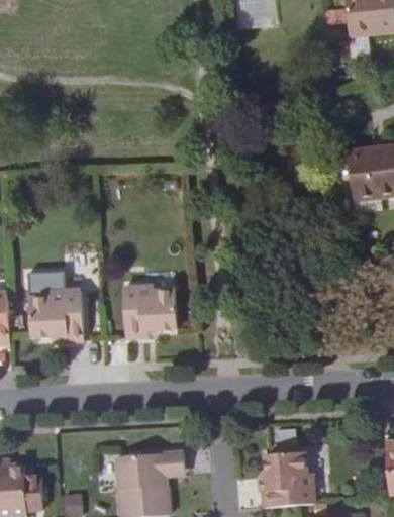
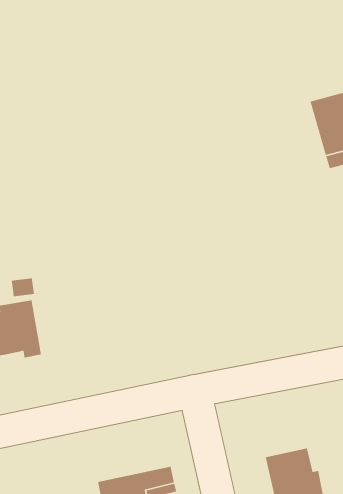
building: [122,286,177,337] -> none

